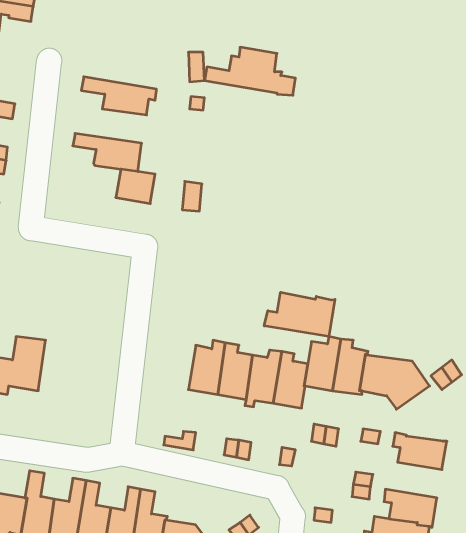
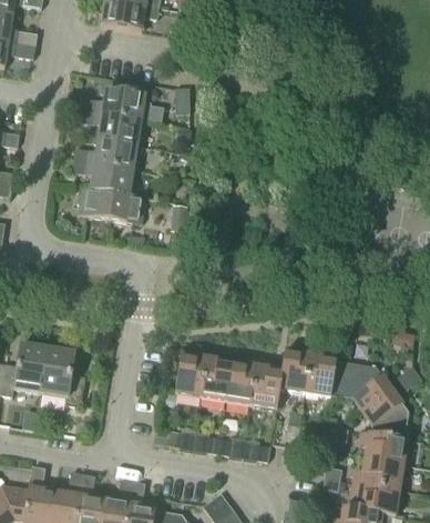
building: [204,47,295,95] -> [81,80,163,123]
building: none -> [73,139,137,170]
building: none -> [79,187,114,219]
building: [264,292,335,337] -> none
building: none -> [40,348,85,406]
building: none -> [362,389,409,439]
building: none -> [352,457,403,490]

